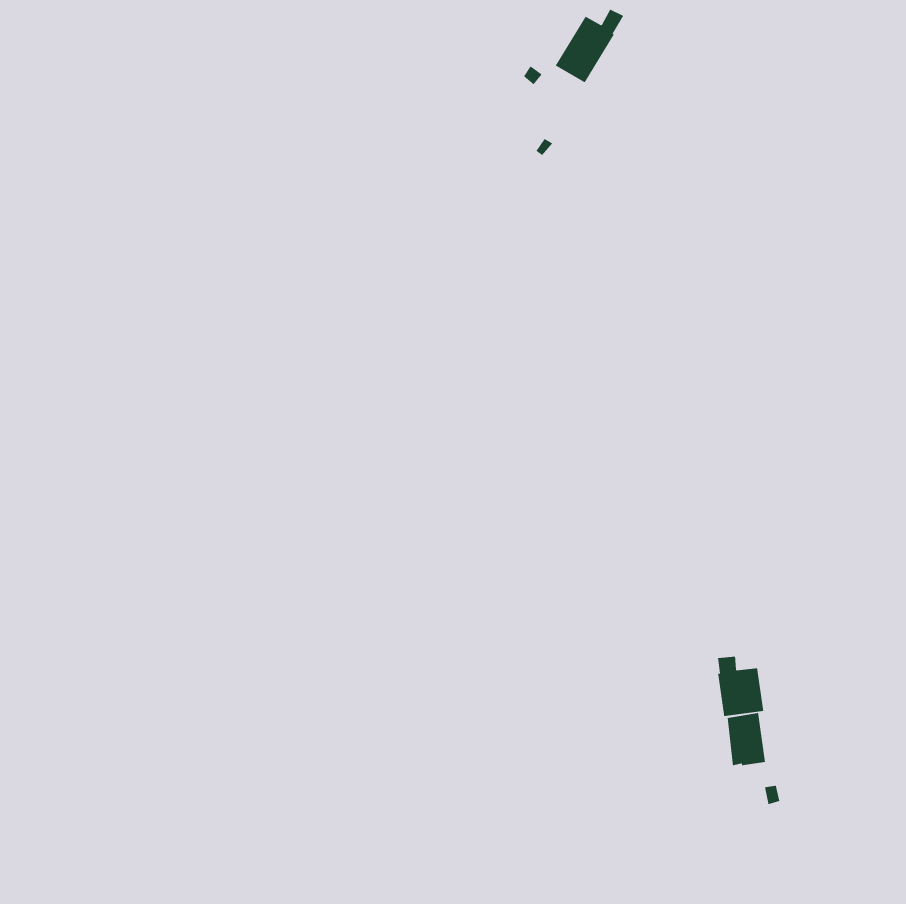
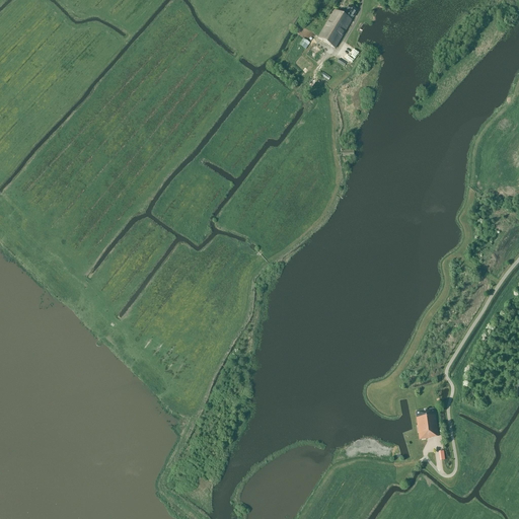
building: [717,656,764,717] -> none

